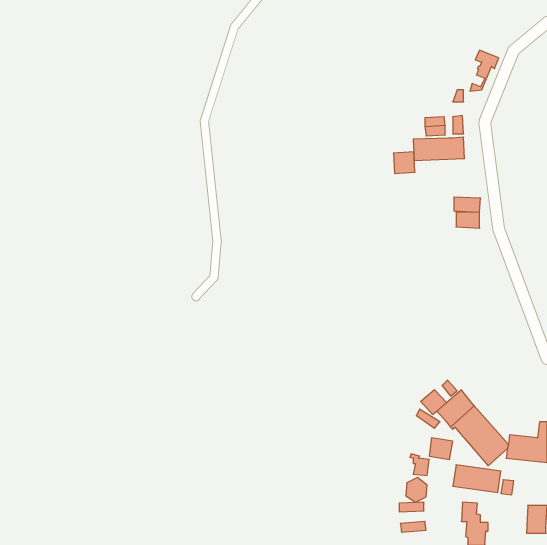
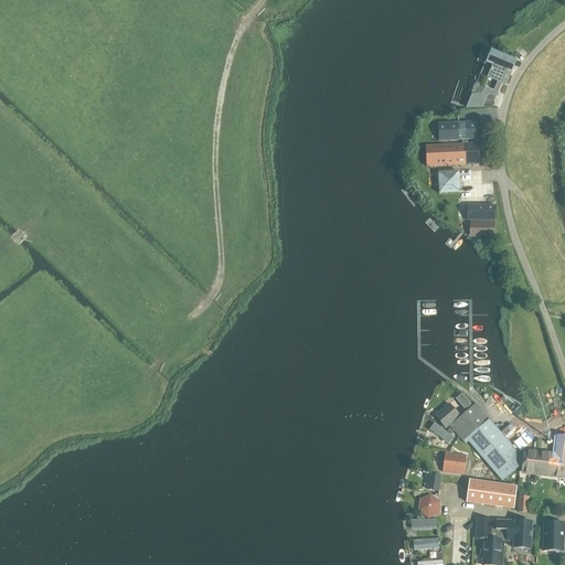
building: [393,152,415,173] -> [438,170,460,192]
building: none -> [495,519,532,547]

